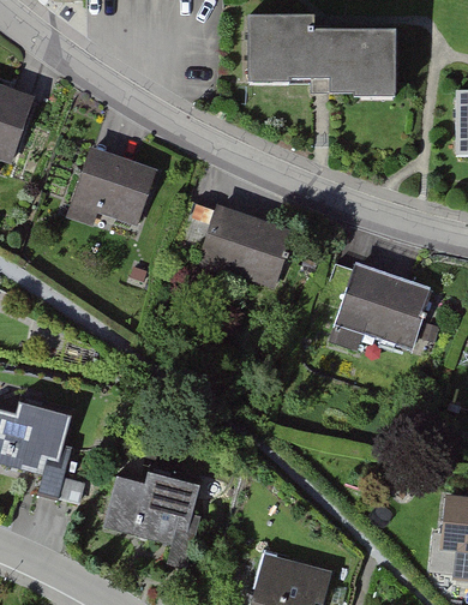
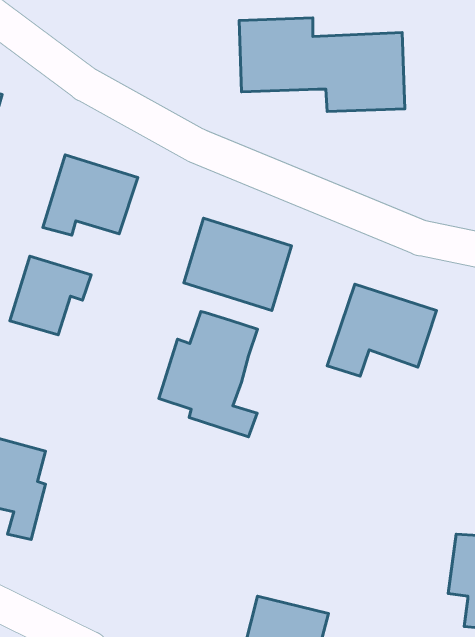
building: none -> [10,256,91,335]
building: none -> [159,311,258,437]
building: [103,473,199,543] -> none

